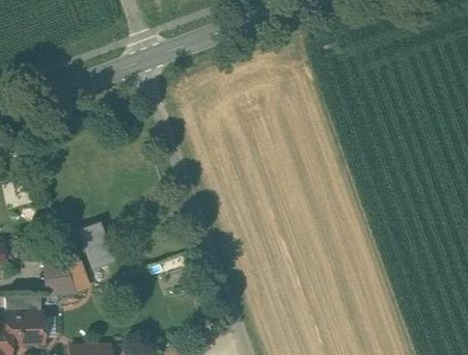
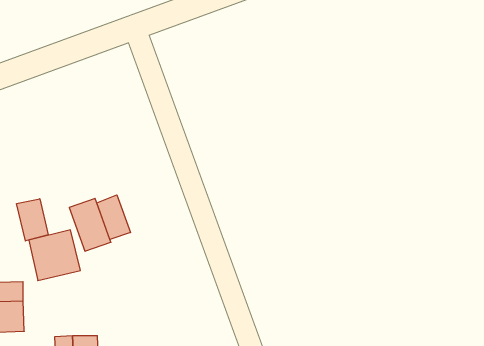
building: none -> [97,195,130,239]
building: none -> [17,199,48,241]

